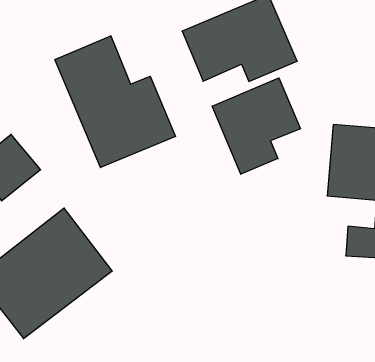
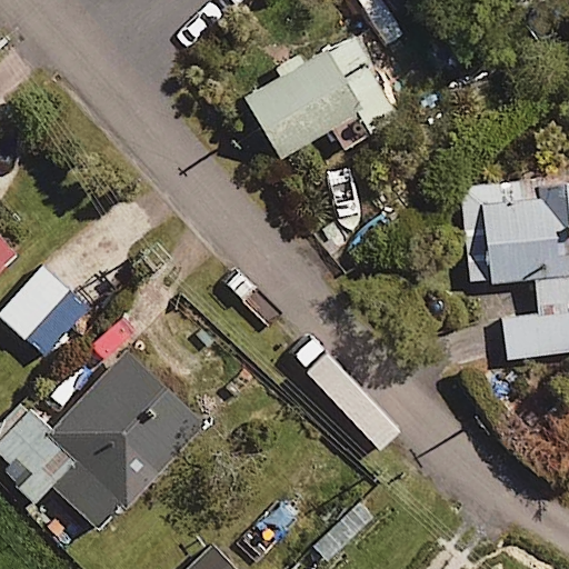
building: [55,36,175,168] -> none
building: [212,78,301,174] -> none

